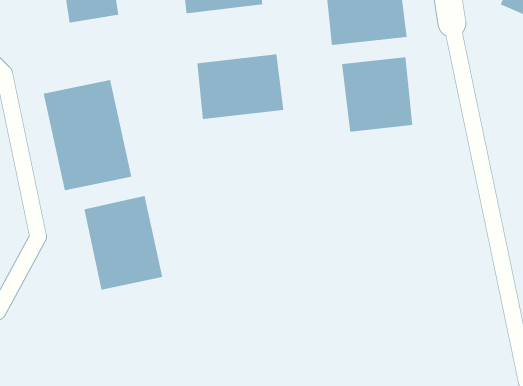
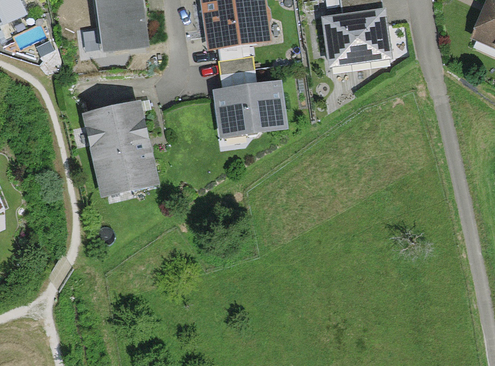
building: [342,57,413,132] -> none
building: [84,195,163,290] -> none

